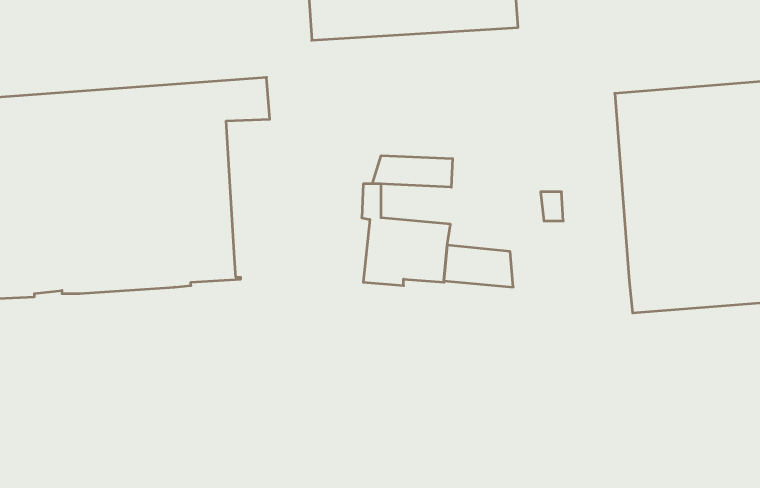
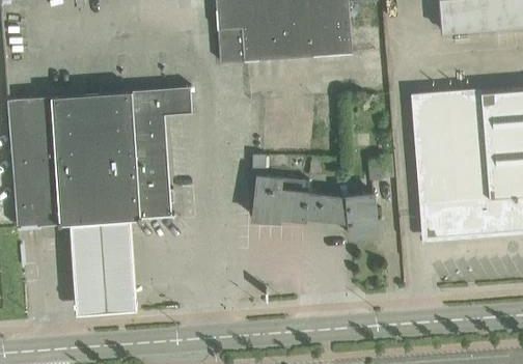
building: [373,156,453,187] -> none
building: none -> [348,193,382,236]
building: none -> [71,221,138,320]

